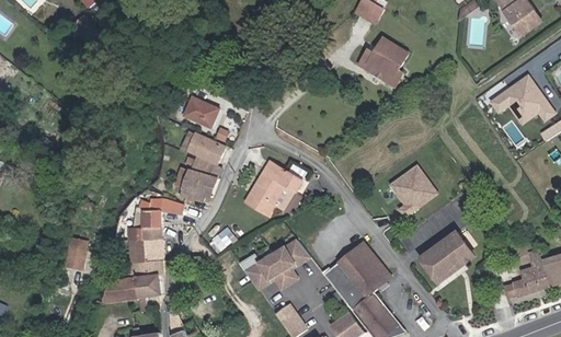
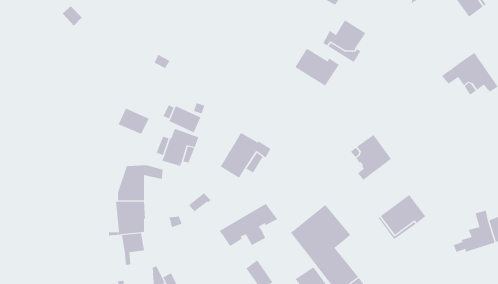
building: none -> [295,48,339,86]
building: [184,96,219,126] -> [118,108,149,134]
building: [66,237,88,268] -> none
building: [102,276,139,302] -> none

